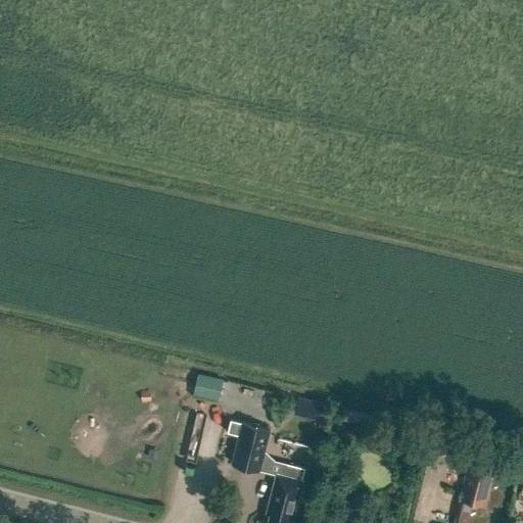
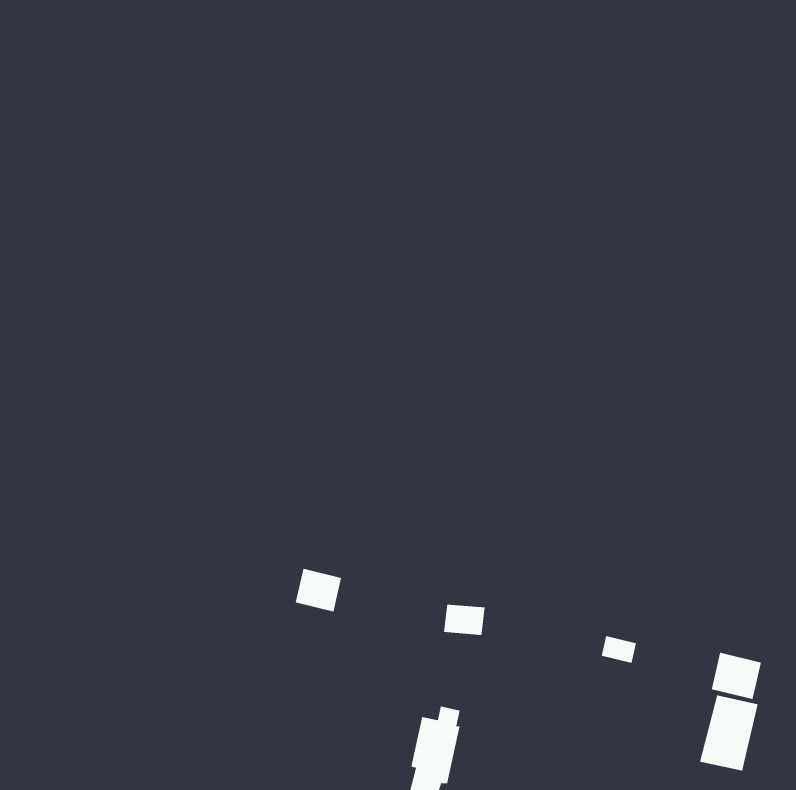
building: [227,421,270,471] -> none
building: none -> [711,652,762,700]

